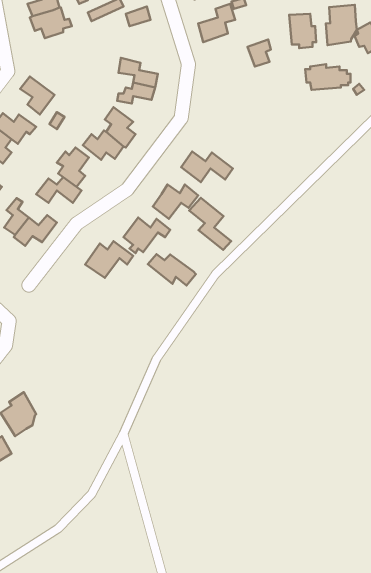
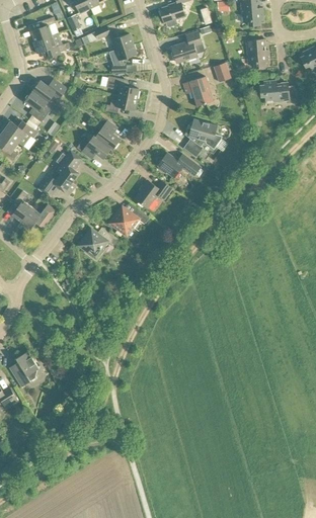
building: [326,5,357,45] -> none
building: none -> [108,44,135,72]
building: none -> [182,76,213,105]
building: none -> [32,78,66,105]
building: none -> [182,118,221,157]
building: [189,198,231,250] -> none
building: [148,254,196,286] -> none

